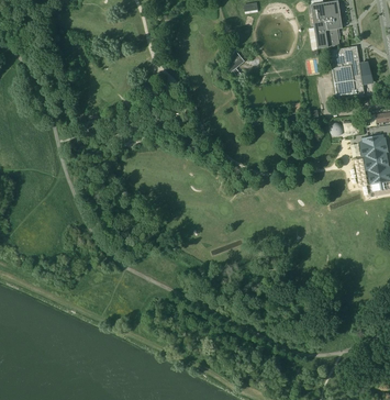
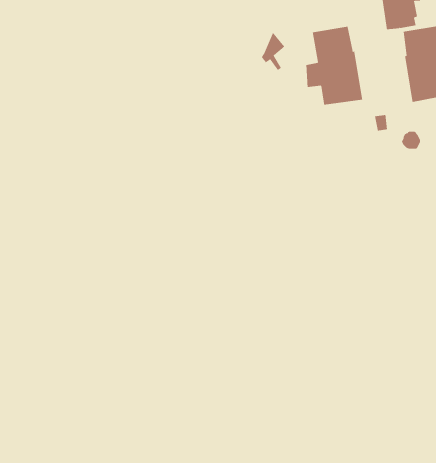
building: none -> [306,26,363,106]

